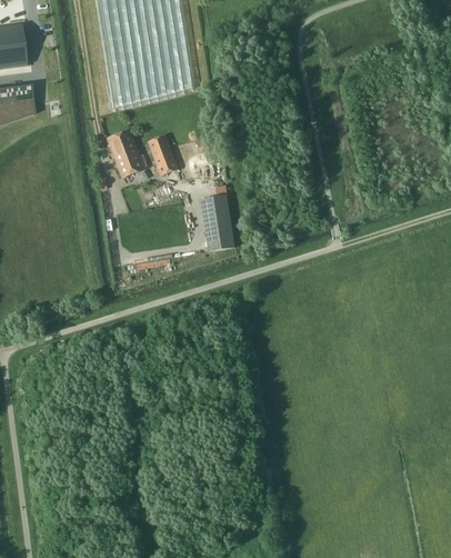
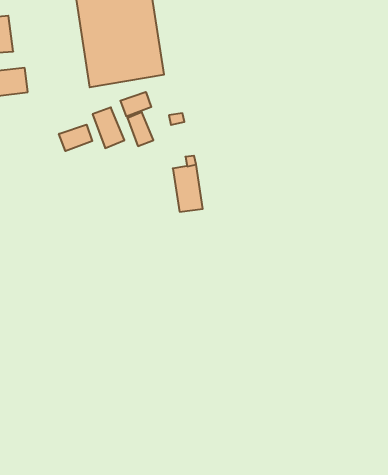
building: none -> [120,92,151,116]
building: none -> [59,125,92,151]

